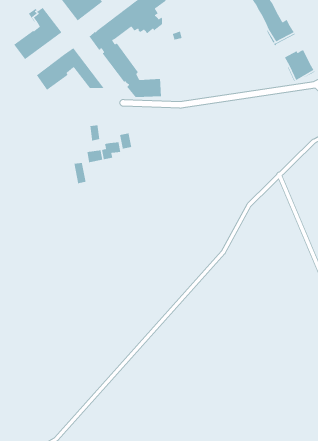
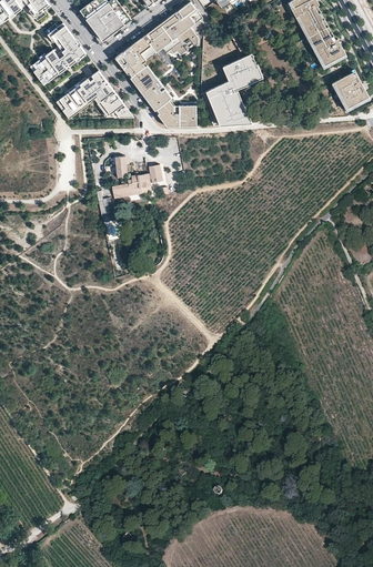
building: none -> [202,53,261,124]

